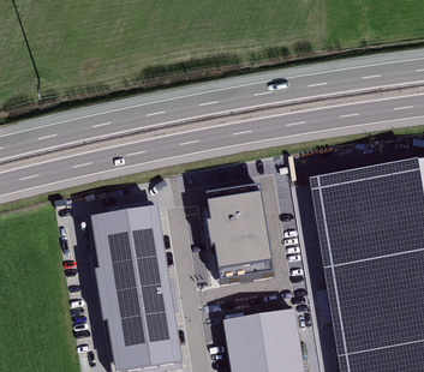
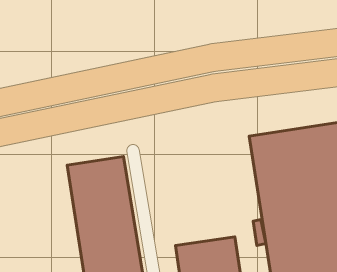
building: [207,184,274,280] -> none

